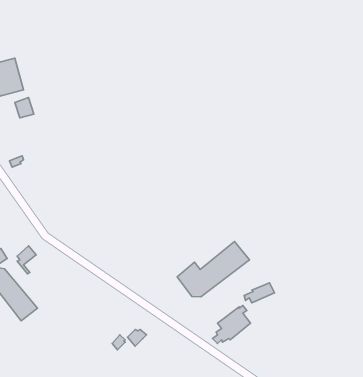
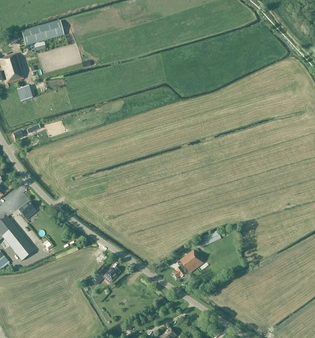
building: none -> [20,20,62,46]
building: [177,241,250,297] -> none

